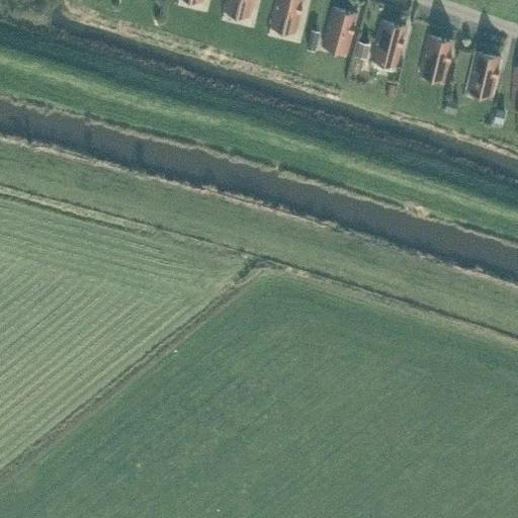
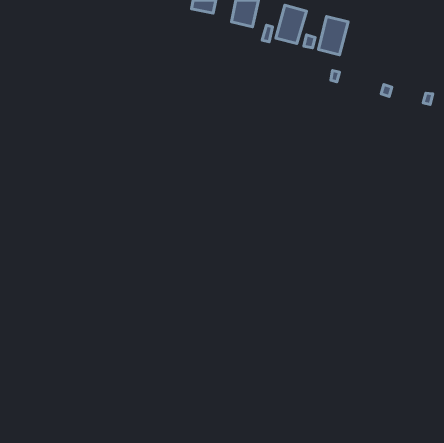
building: [418,36,452,81] -> none
building: [465,53,500,97] -> none

